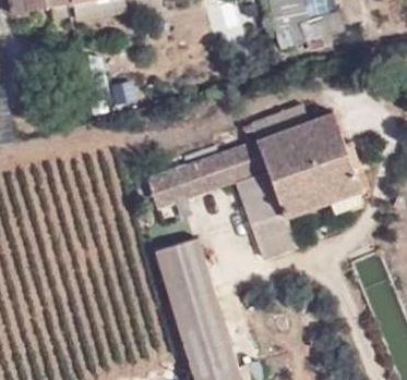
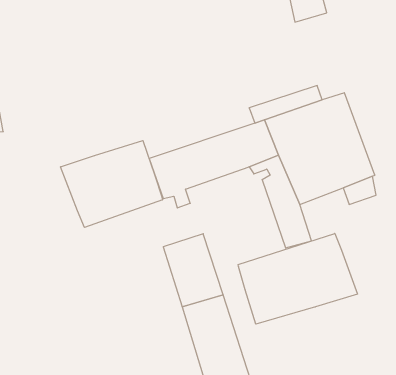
building: none -> [61,141,162,227]
building: none -> [238,233,357,324]

